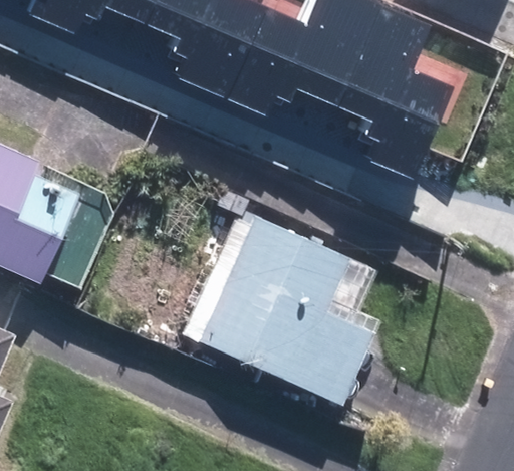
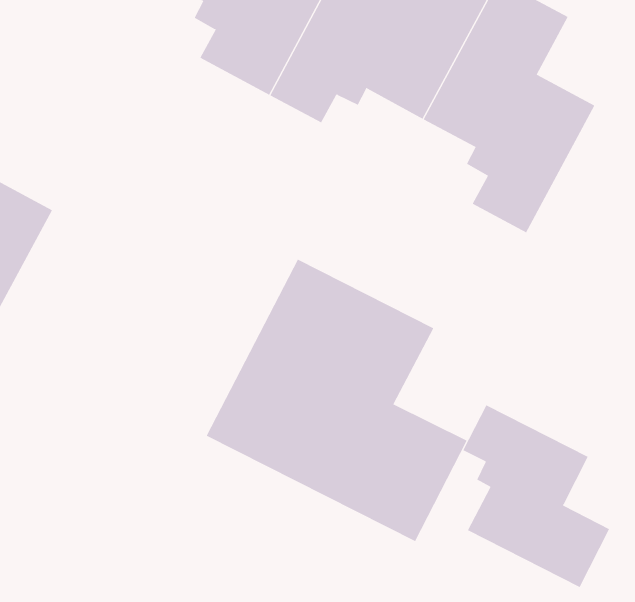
building: none -> [462,404,610,588]

